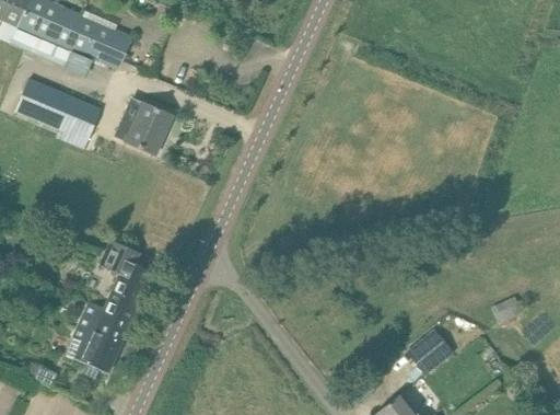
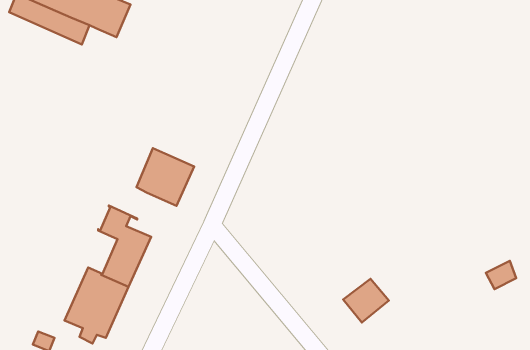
building: [15,79,102,143] -> none
building: [115,96,173,154] -> [136,148,194,206]
building: [408,330,454,373] -> [343,279,389,322]

